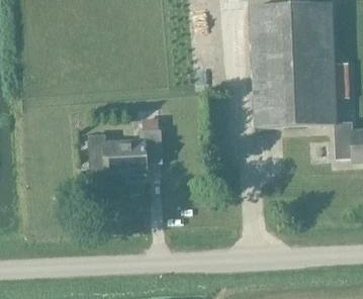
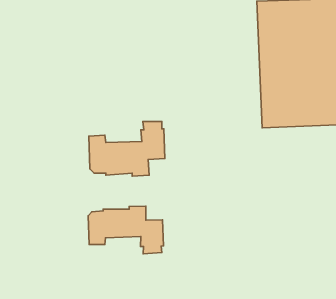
building: none -> [88,206,163,254]

